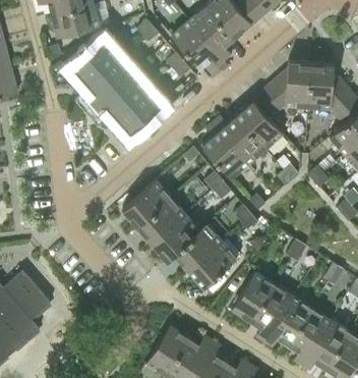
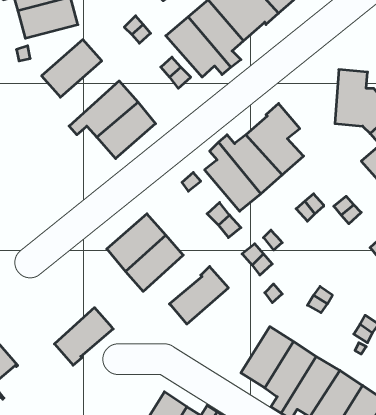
building: [85,55,133,108] -> none
building: [262,60,311,110] -> none
building: [153,213,200,260] -> [54,308,113,365]
building: [188,239,237,286] -> none

